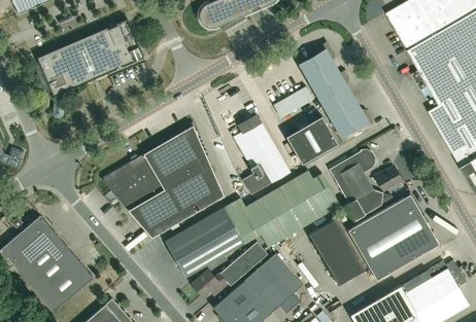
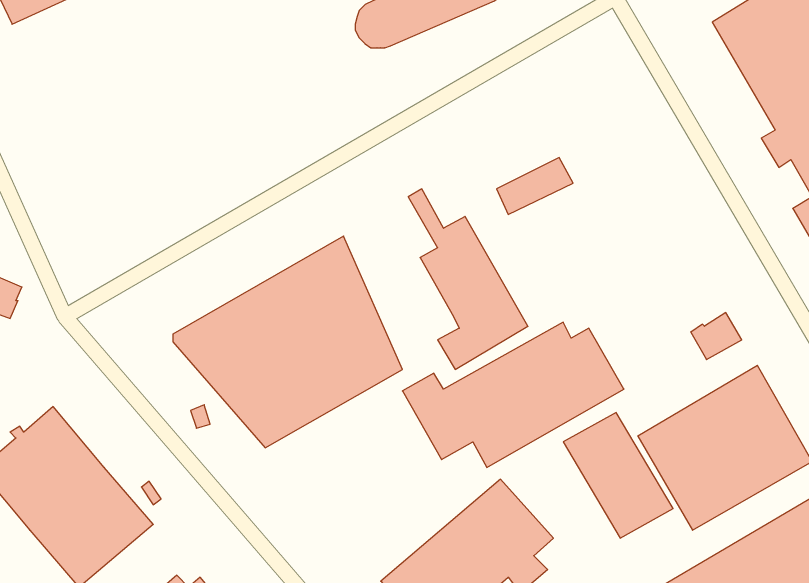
building: [37,20,142,118] -> none
building: [299,42,373,137] -> none
building: [285,115,337,164] -> none
building: [329,150,383,221] -> none
building: [165,207,244,277] -> none
building: [192,242,267,295] -> none

